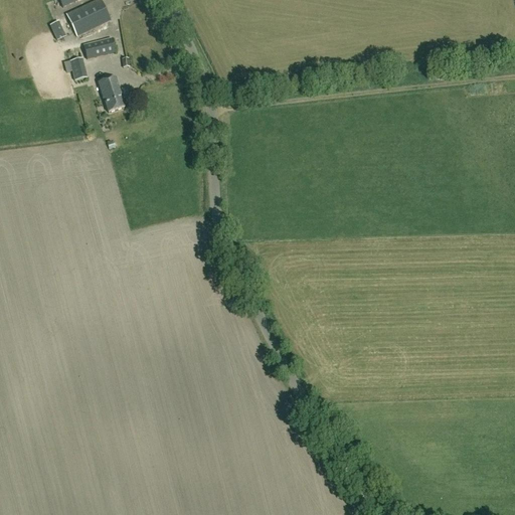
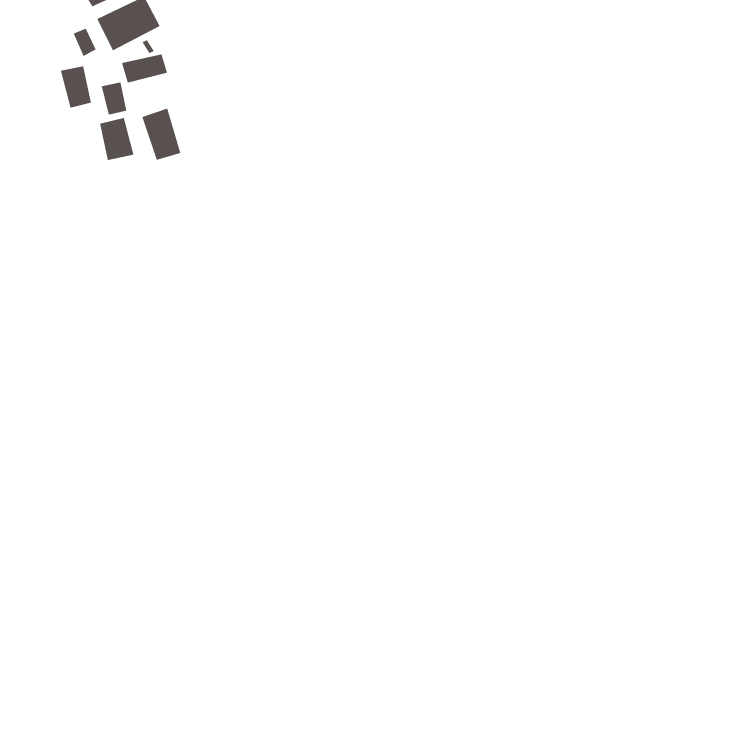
building: none -> [60,65,92,108]
building: none -> [100,117,134,161]

